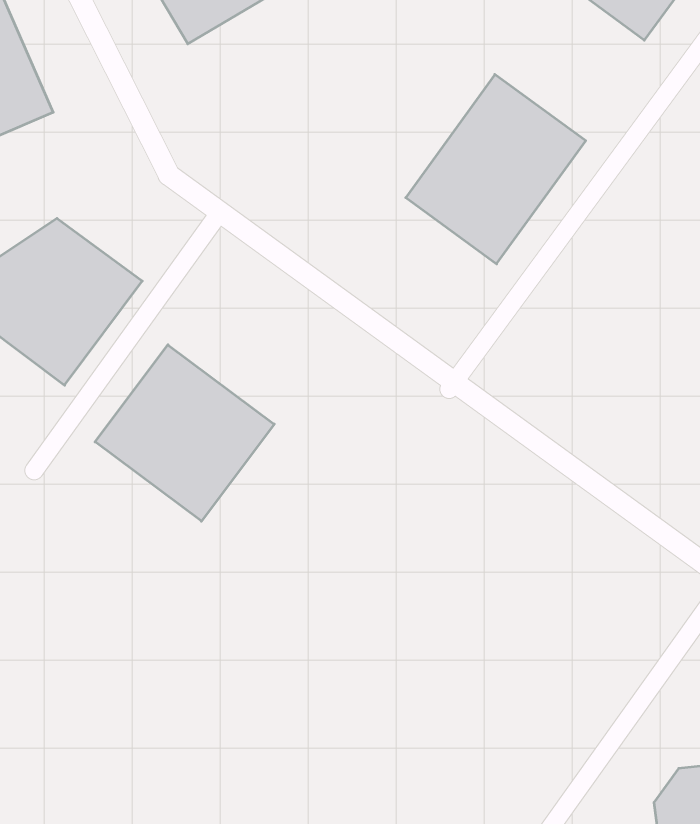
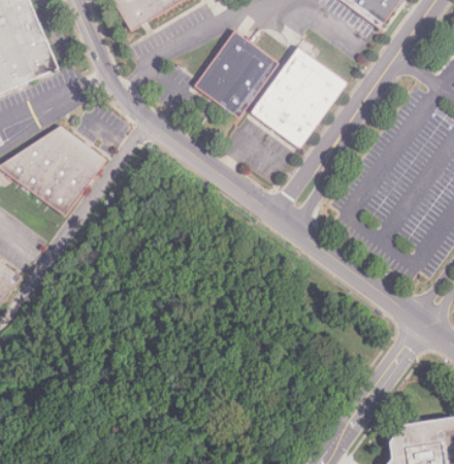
building: none -> [194,31,279,119]
building: [95,345,274,521] -> none

